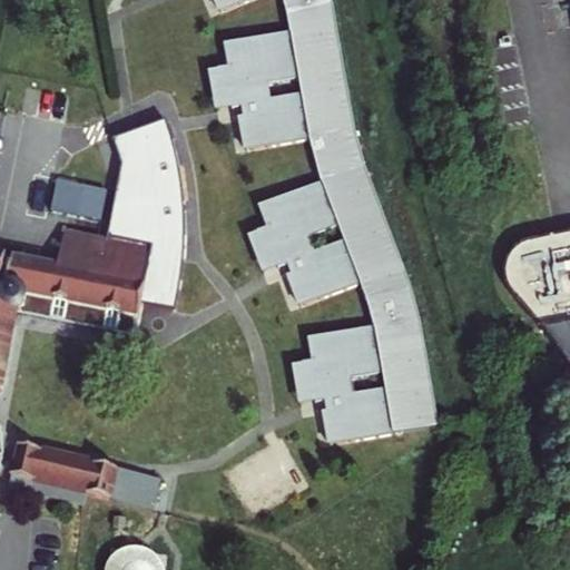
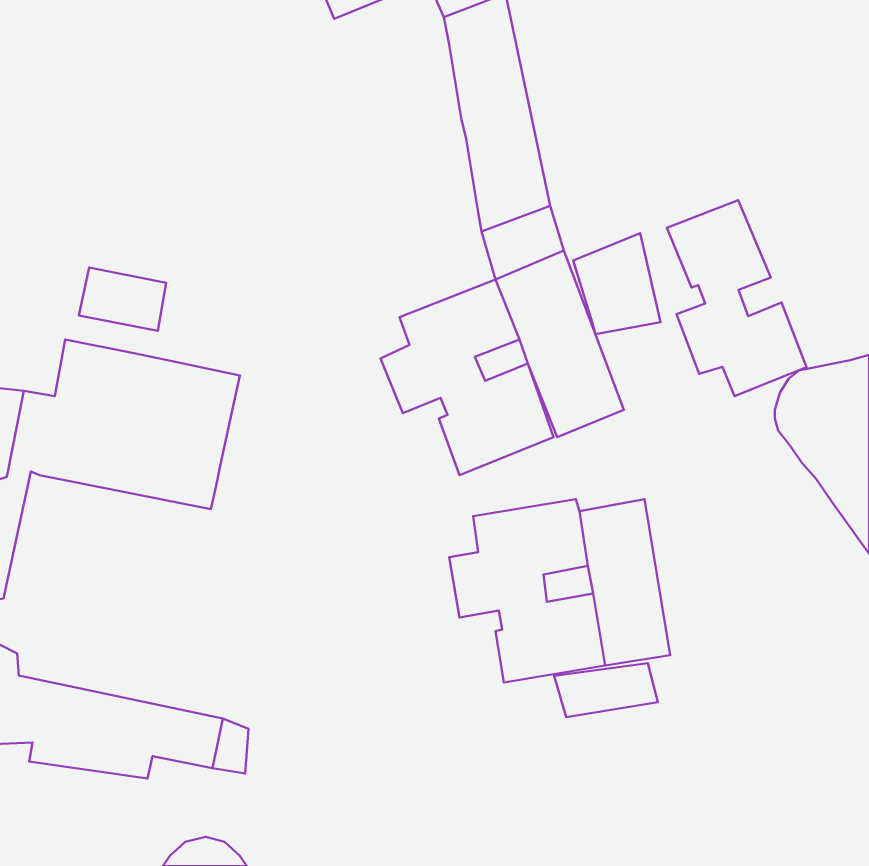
building: [207,29,311,149] -> none
building: [104,116,181,307] -> none
building: none -> [667,200,807,396]
building: [362,266,419,332] -> [573,233,661,334]
building: none -> [554,663,658,717]

